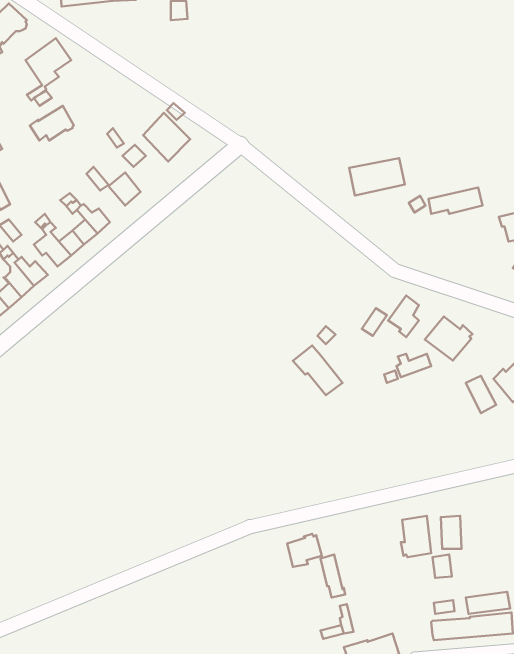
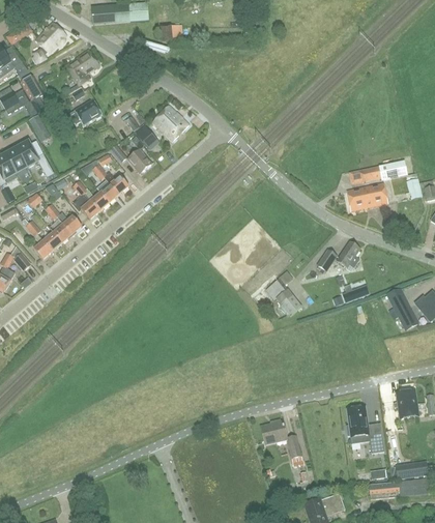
building: [349,158,405,196] -> [346,182,387,210]
building: [425,316,472,361] -> none
building: none -> [396,389,417,418]

